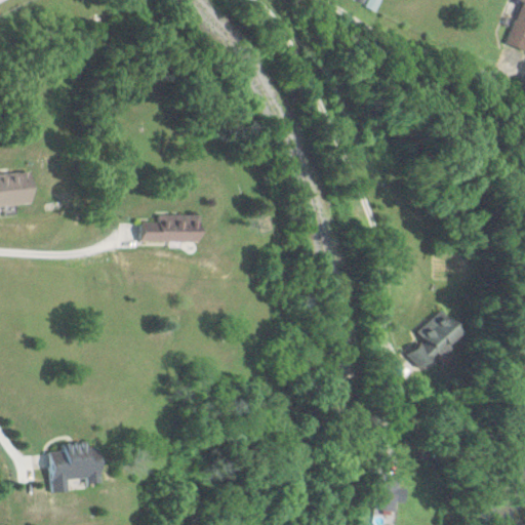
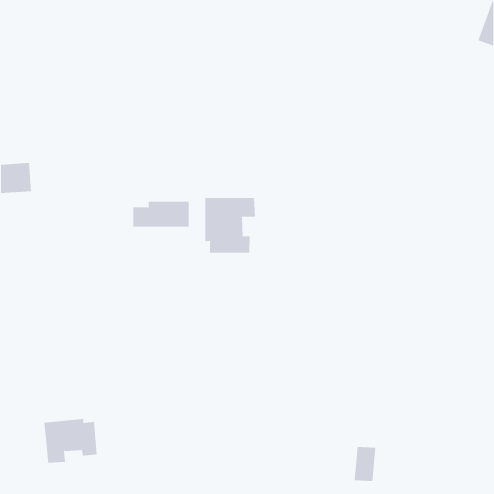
building: none -> [205,197,255,253]
building: [407,309,467,374] -> none

